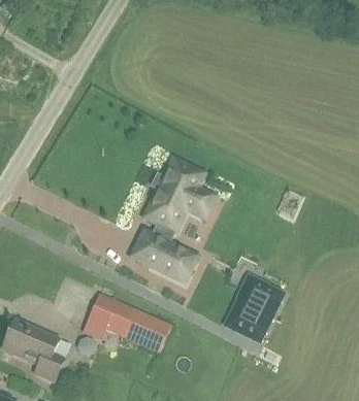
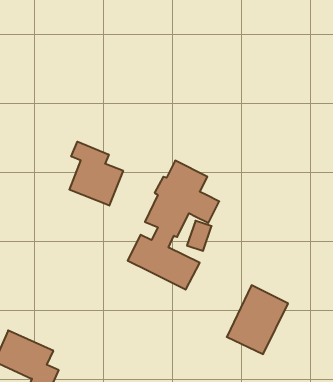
building: none -> [69,142,123,206]
building: [87,293,170,350] -> none

